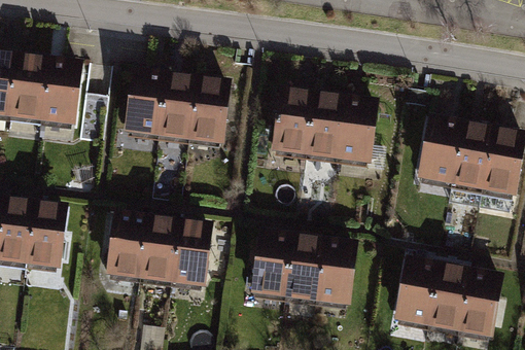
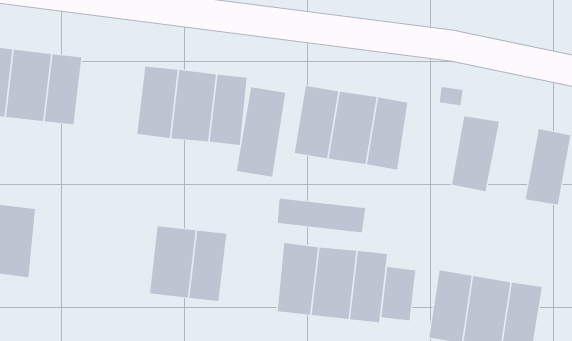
building: none -> [236,86,286,178]
building: [446,120,493,191] -> none
building: none -> [277,198,366,233]
building: [30,200,65,266] -> none
building: [108,211,146,277] -> none
building: none -> [381,266,416,321]

